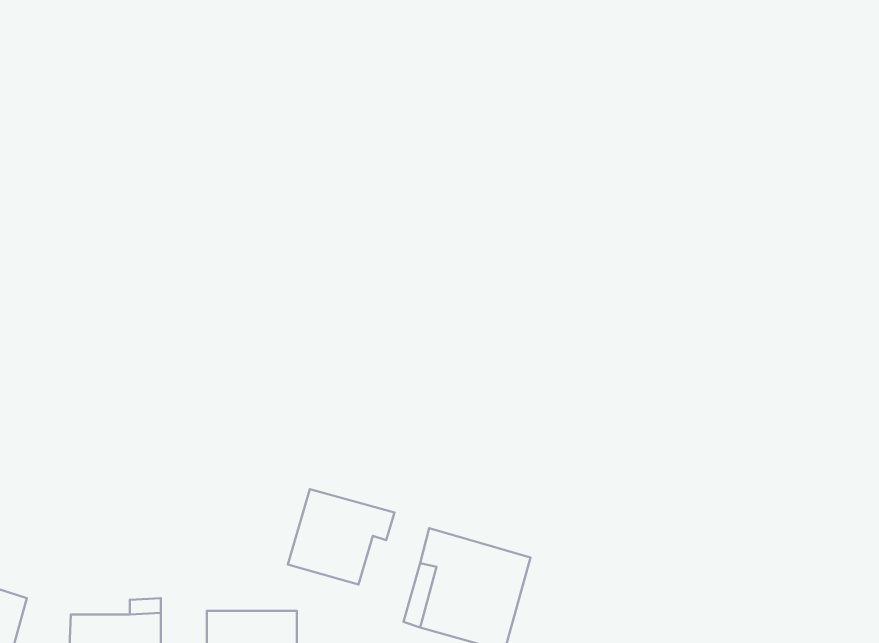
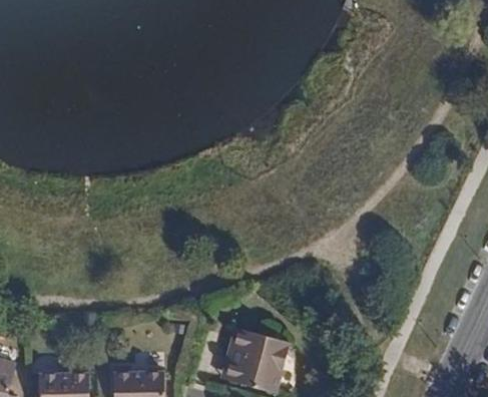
building: [288,489,395,584] -> none

